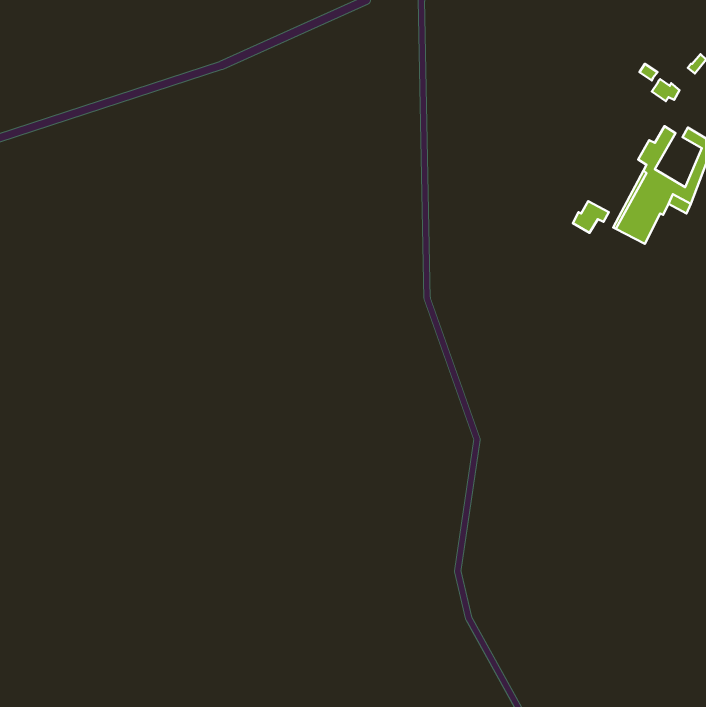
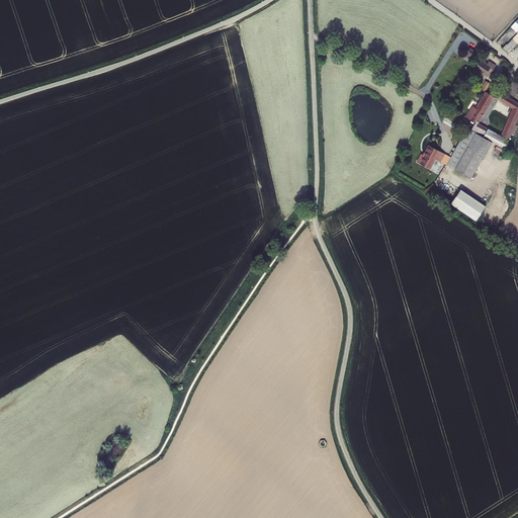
building: none -> [452,190,487,222]

